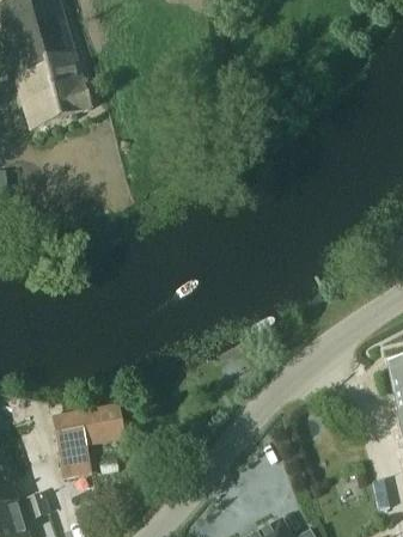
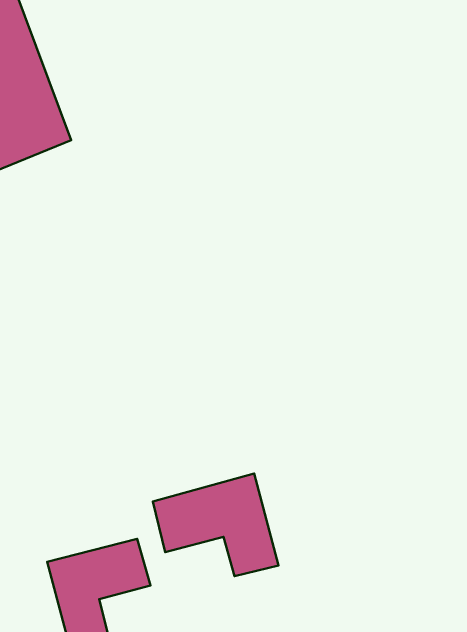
building: none -> [153,473,279,576]

